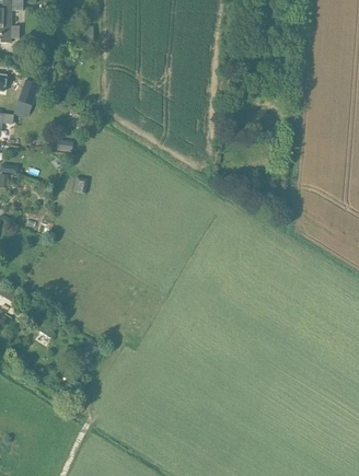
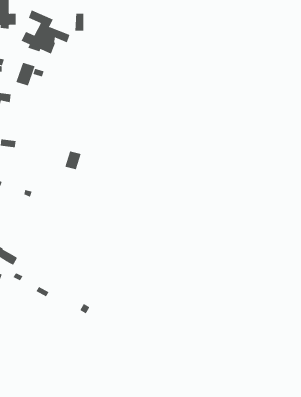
building: none -> [21,10,70,54]

